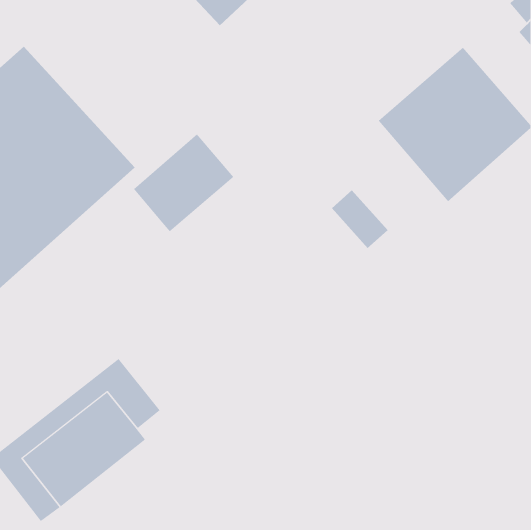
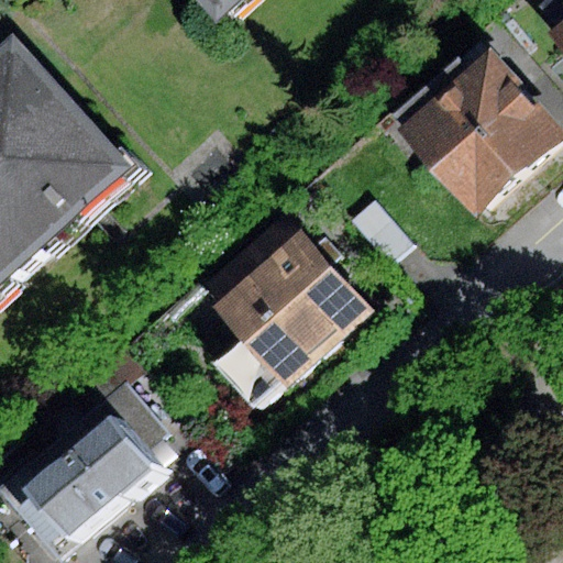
building: [133,134,234,232] -> none
building: none -> [212,229,371,409]

